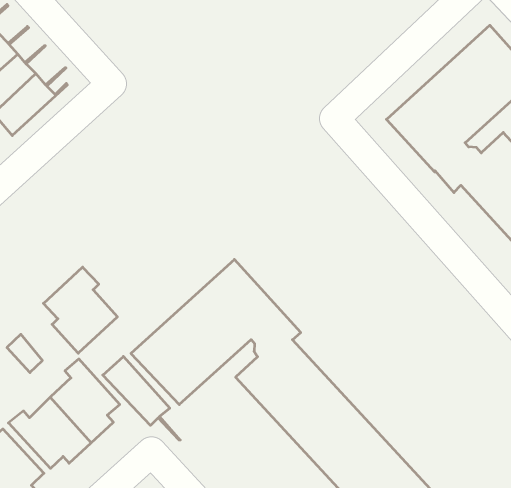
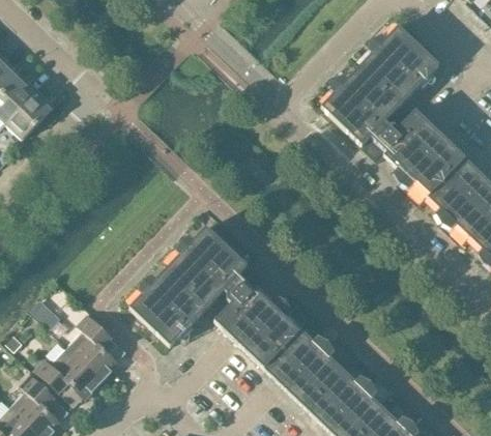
building: [43,267,117,353] -> none
building: [103,356,180,440] -> none

